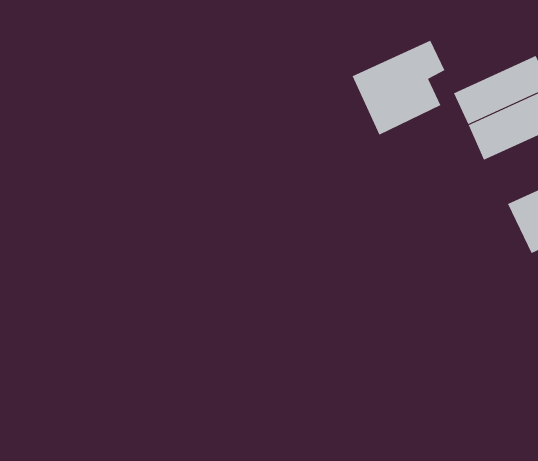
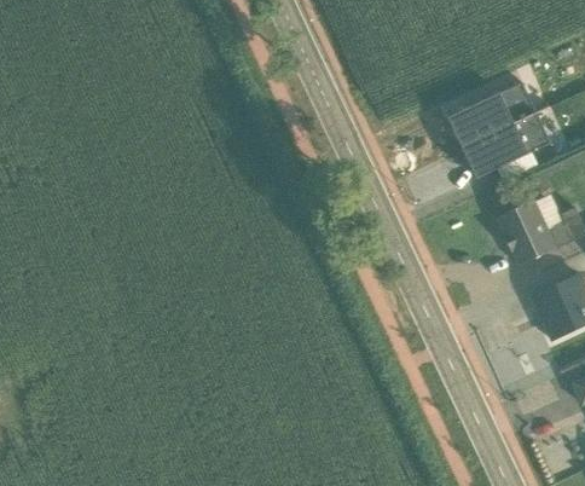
building: [352,40,445,135] -> none

